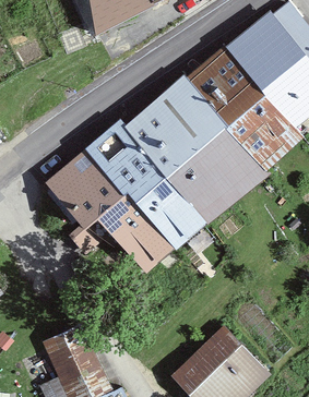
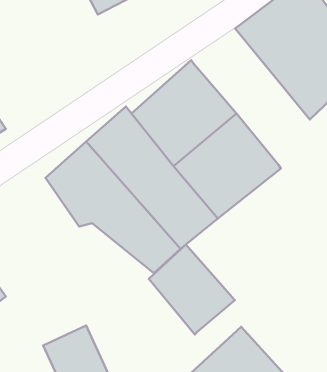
building: [182,45,300,172] -> none
building: none -> [149,244,235,335]

